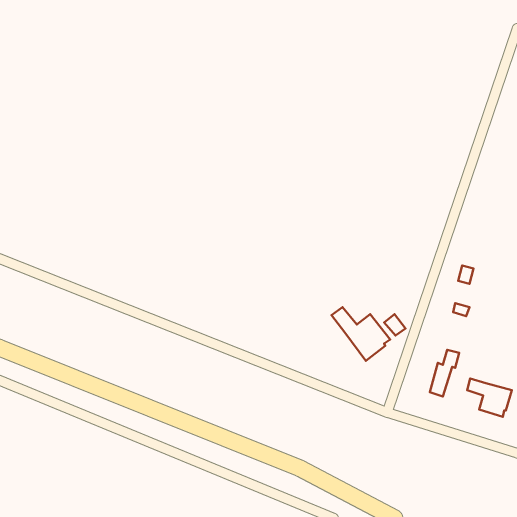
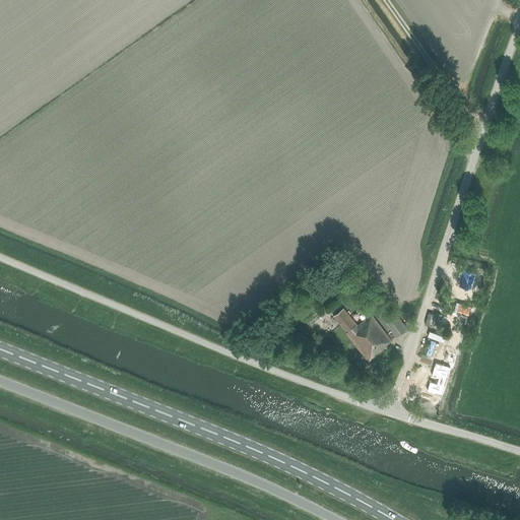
building: [467,379,512,417] -> none

